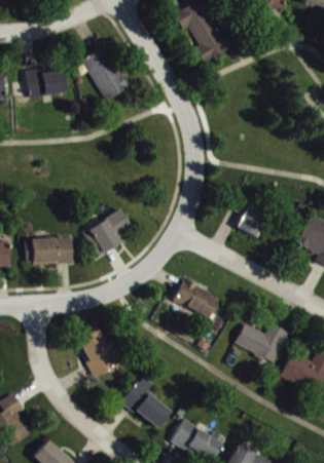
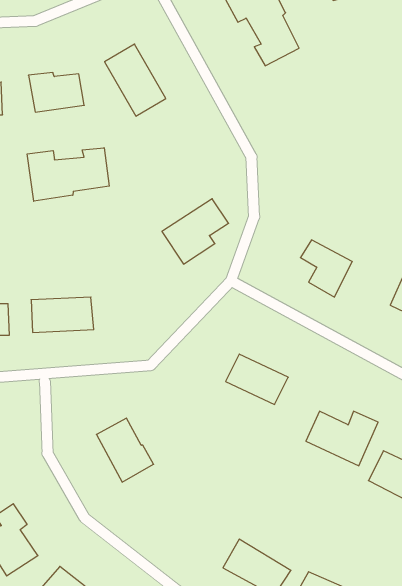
building: none -> [27,148,109,201]
building: [83,208,134,258] -> [162,199,229,264]
building: [122,375,171,429] -> none

